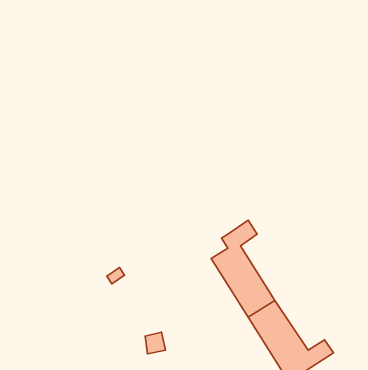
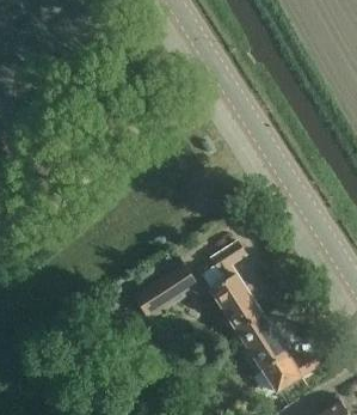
building: none -> [130,263,195,316]

